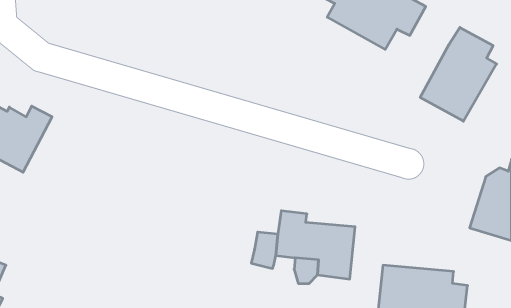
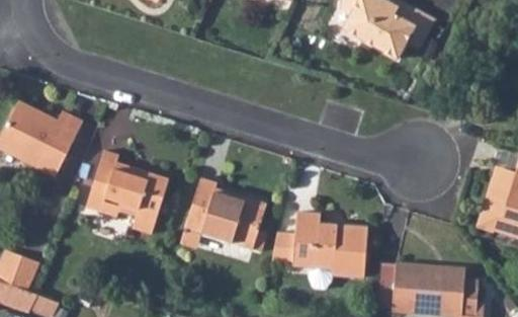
building: [420,27,497,121] -> none
building: none -> [92,150,168,221]
building: none -> [184,177,267,249]

